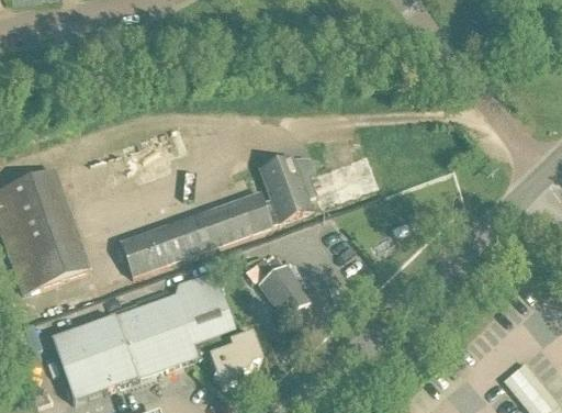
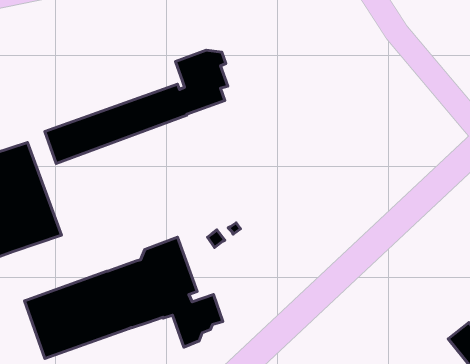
building: [119,156,314,277] -> [45,50,228,163]
building: [257,264,310,320] -> none

